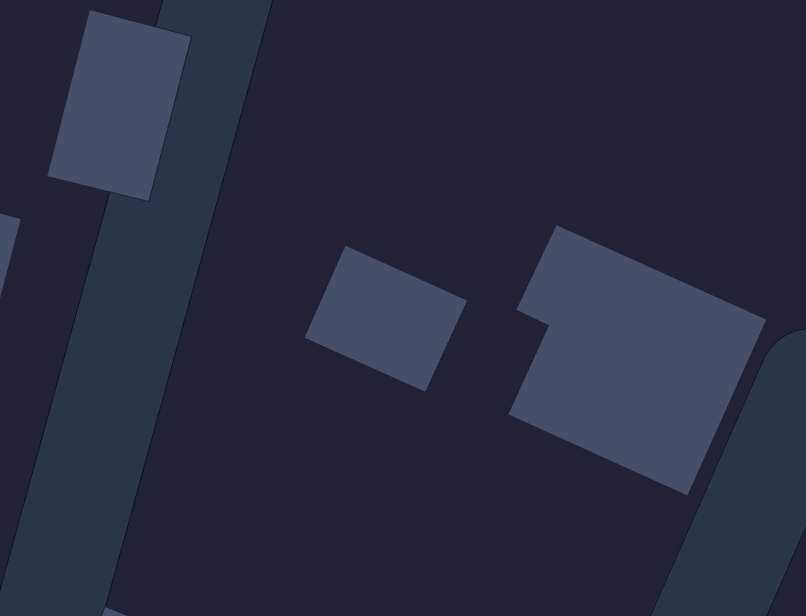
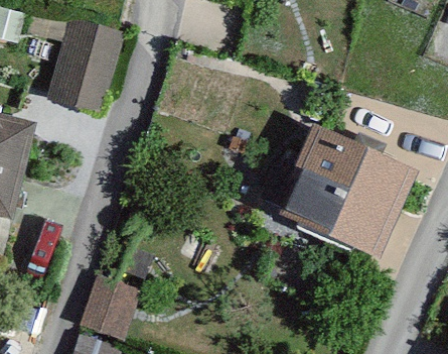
building: [304,245,468,392] -> none

